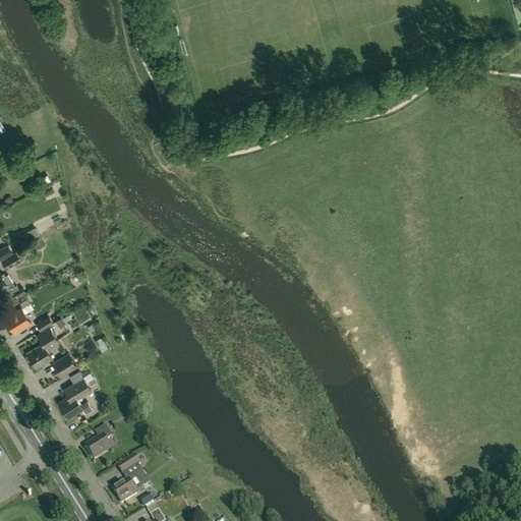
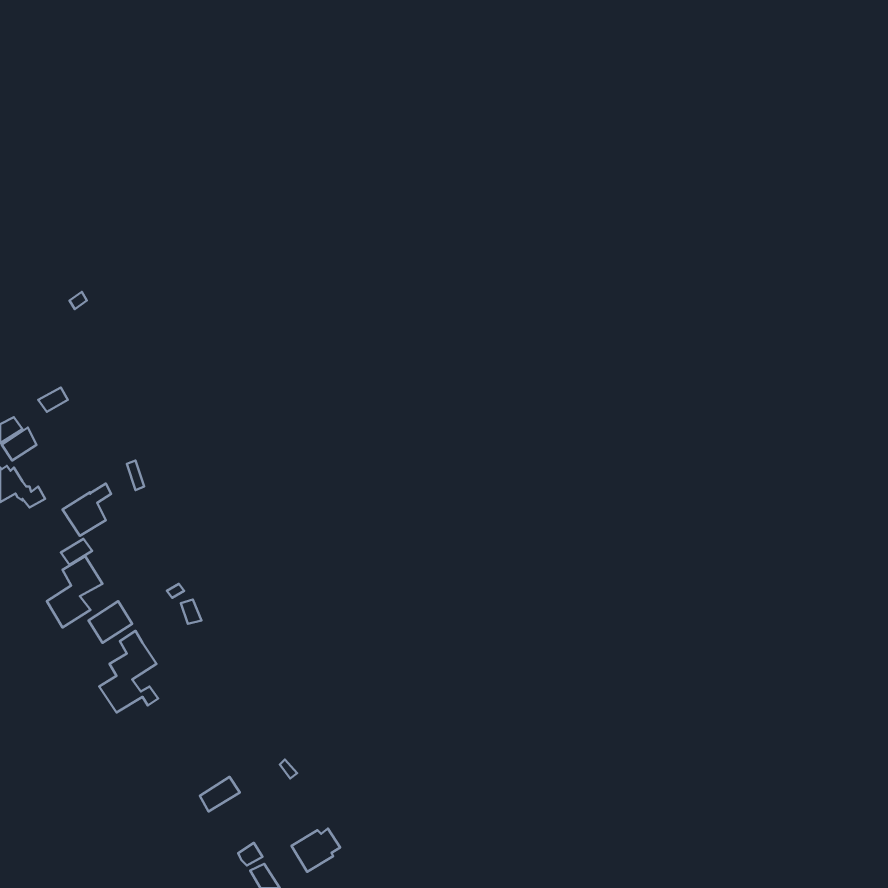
building: [5,302,34,333] -> [62,484,111,536]
building: [85,425,112,460] -> none
building: [112,477,140,503] -> [291,829,340,872]

